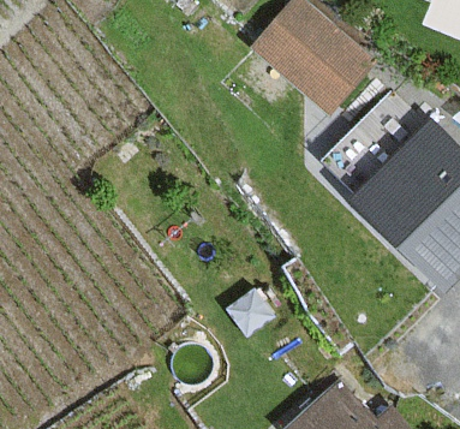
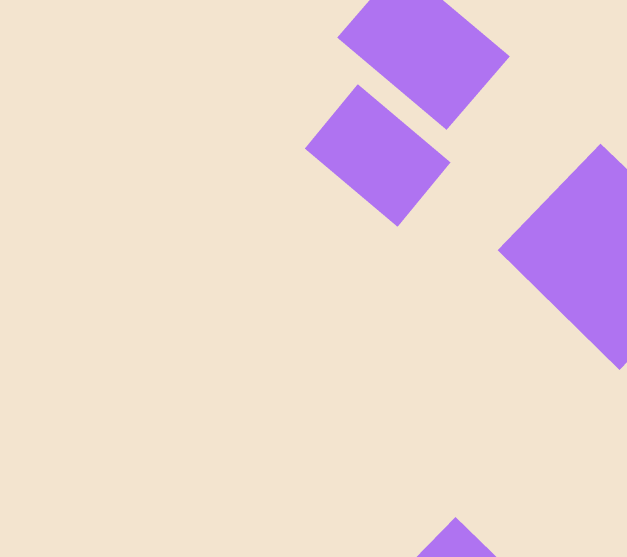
building: none -> [304,83,452,228]

